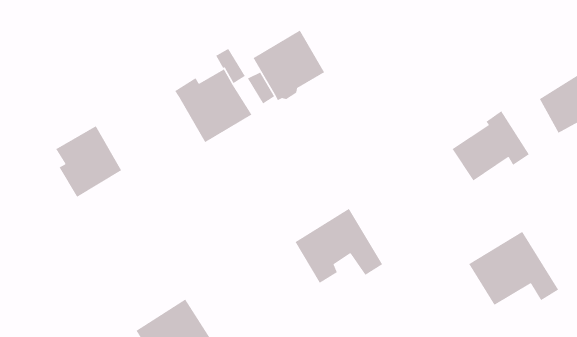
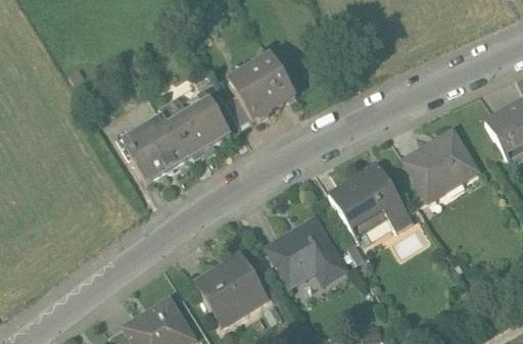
building: [55,125,122,198] -> [127,117,187,183]
building: [468,231,559,306] -> [331,166,413,234]
building: none -> [196,253,268,316]

